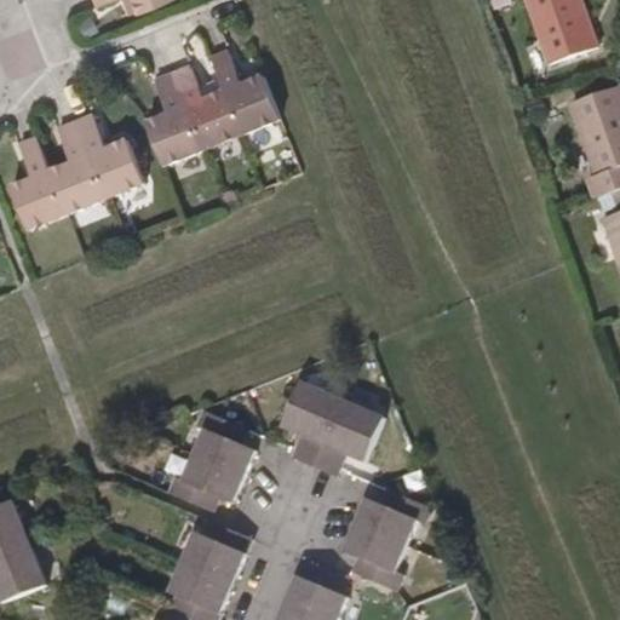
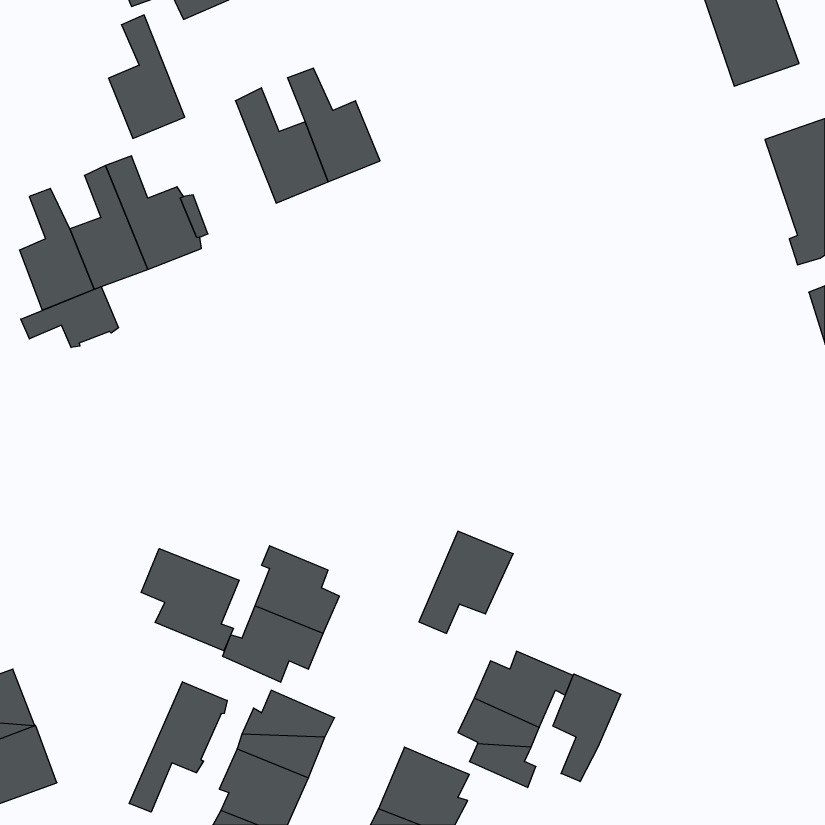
building: [149,75,206,167] -> [108,15,185,138]
building: none -> [21,287,118,348]
building: [279,378,341,464] -> none
building: none -> [141,549,239,651]
building: none -> [553,674,621,782]
building: none -> [129,682,227,812]

